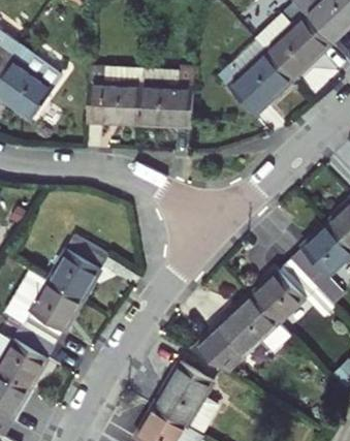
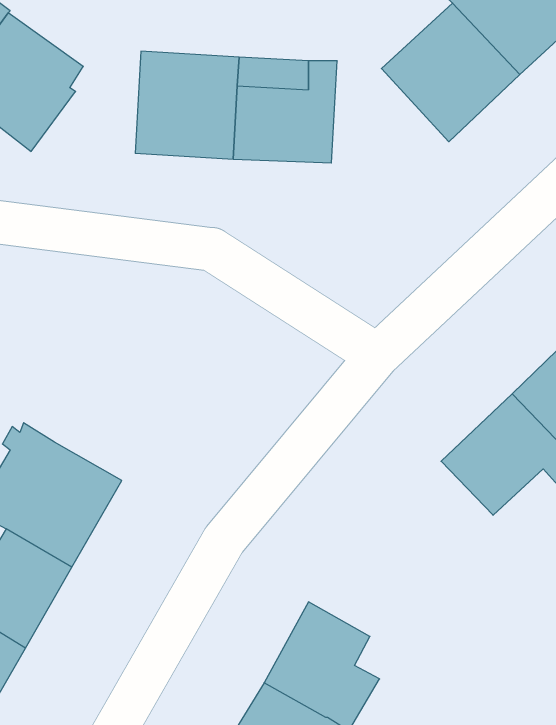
building: [45,238,106,302] -> none
building: [190,291,293,372] -> none

